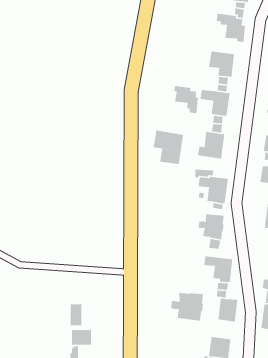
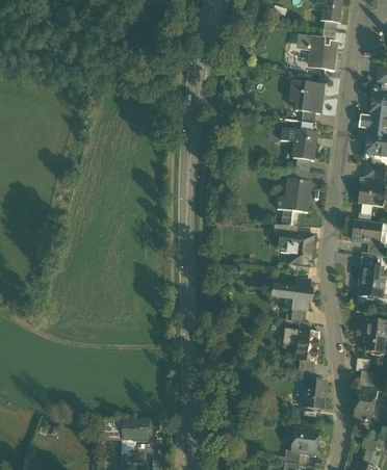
building: [173,85,199,114] -> none
building: [153,129,184,165] -> none
building: [170,292,204,322] -> none
building: [70,304,83,326] -> none

